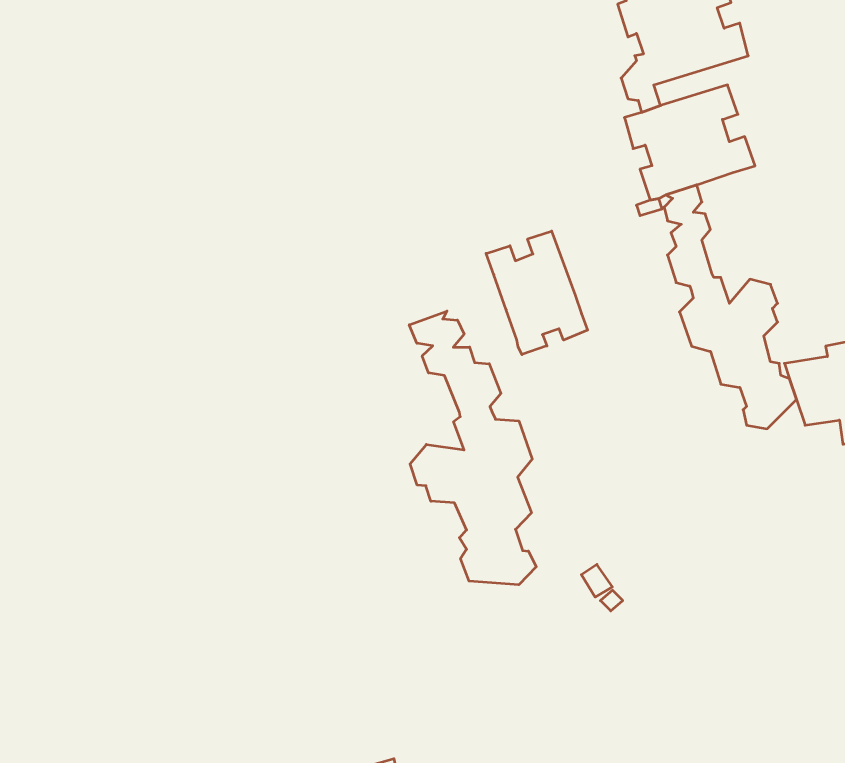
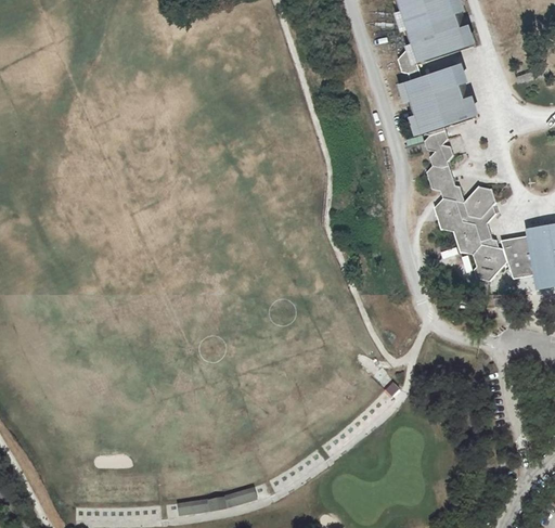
building: [486,231,588,355] -> none
building: [409,311,536,585] -> none

